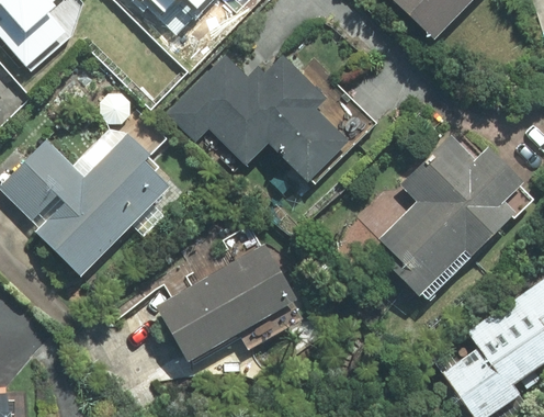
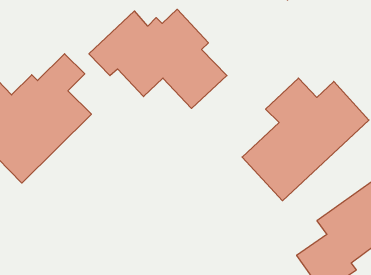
building: [158,244,306,363] -> none

